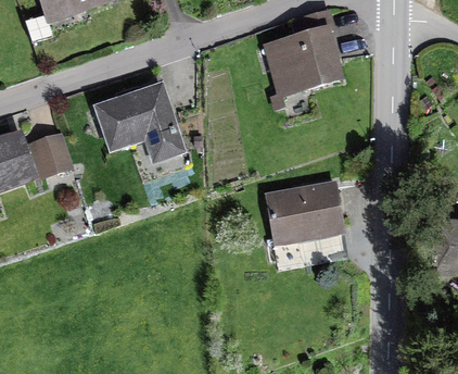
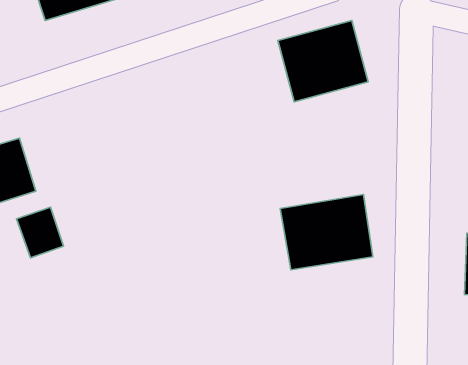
building: [93,82,185,161] -> none
building: [28,133,72,179] -> [17,207,64,258]

